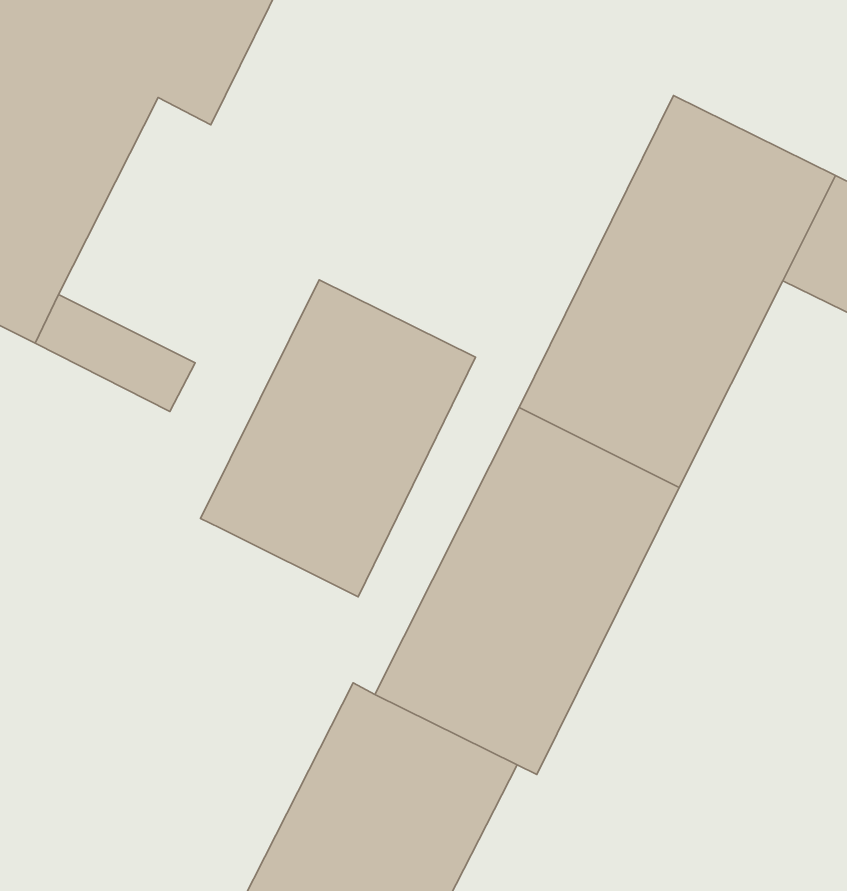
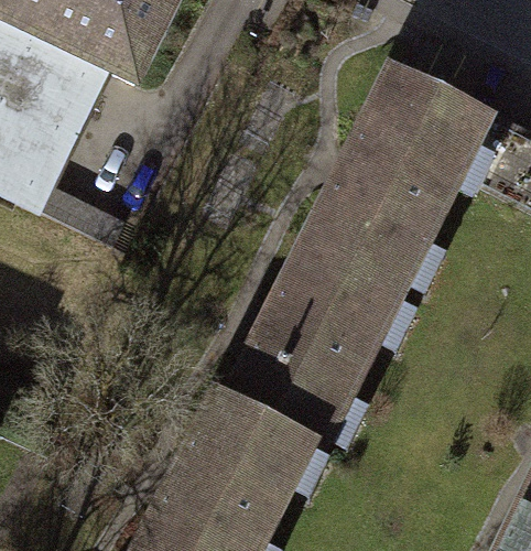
building: [201,280,476,597] -> none

